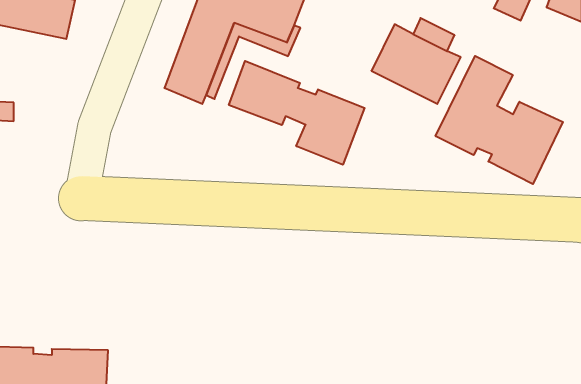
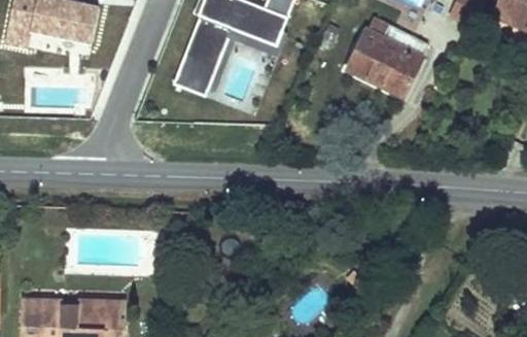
building: [436,56,563,184] -> none
building: [229,61,365,165] -> none

